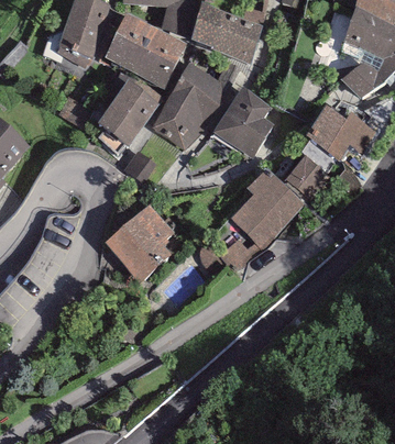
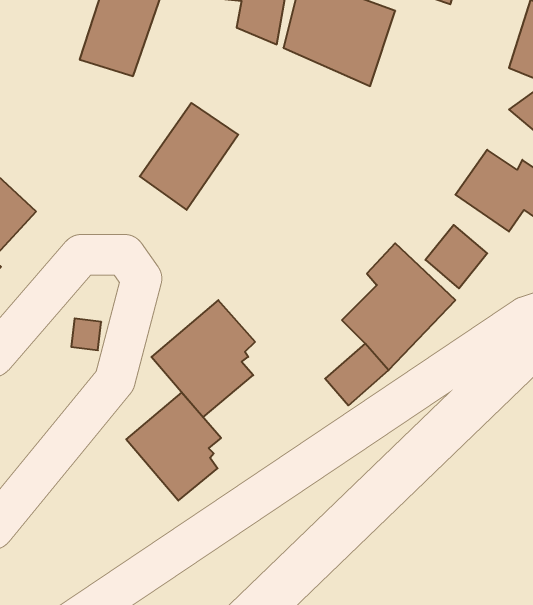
building: [103,13,186,87] -> none
building: [152,63,220,149] -> none
building: [211,88,274,158] -> none
building: none -> [126,393,221,501]

